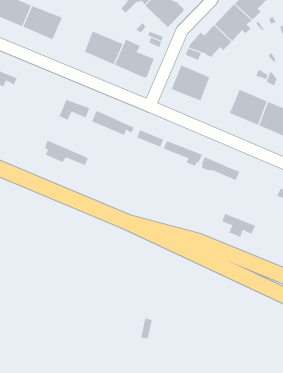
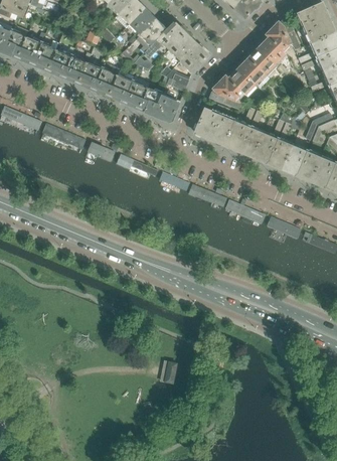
building: none -> [76,58,119,96]
building: none -> [224,121,263,157]
building: [44,140,88,166] -> [41,123,86,149]
building: [221,213,256,237] -> [266,217,300,242]

